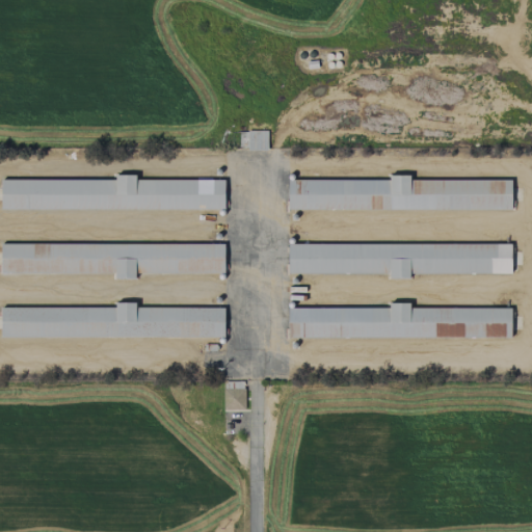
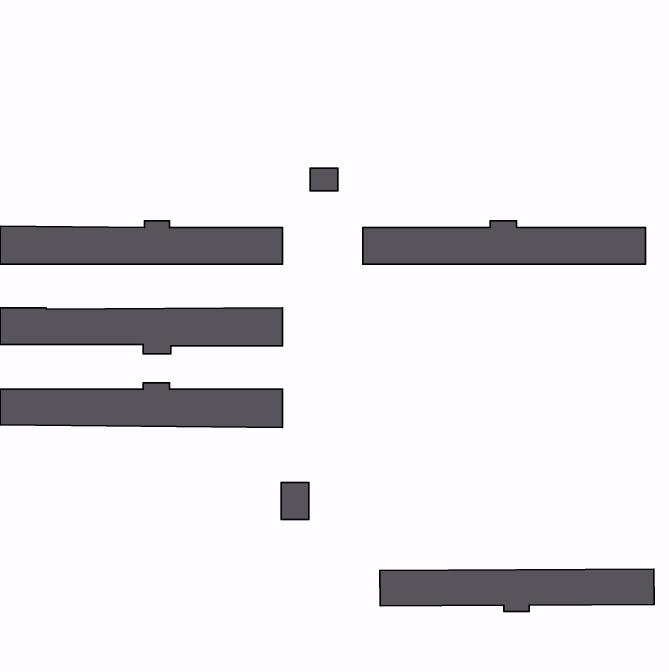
building: [289,243,512,278] -> none
building: [289,303,512,338] -> none
building: none -> [380,569,654,612]

